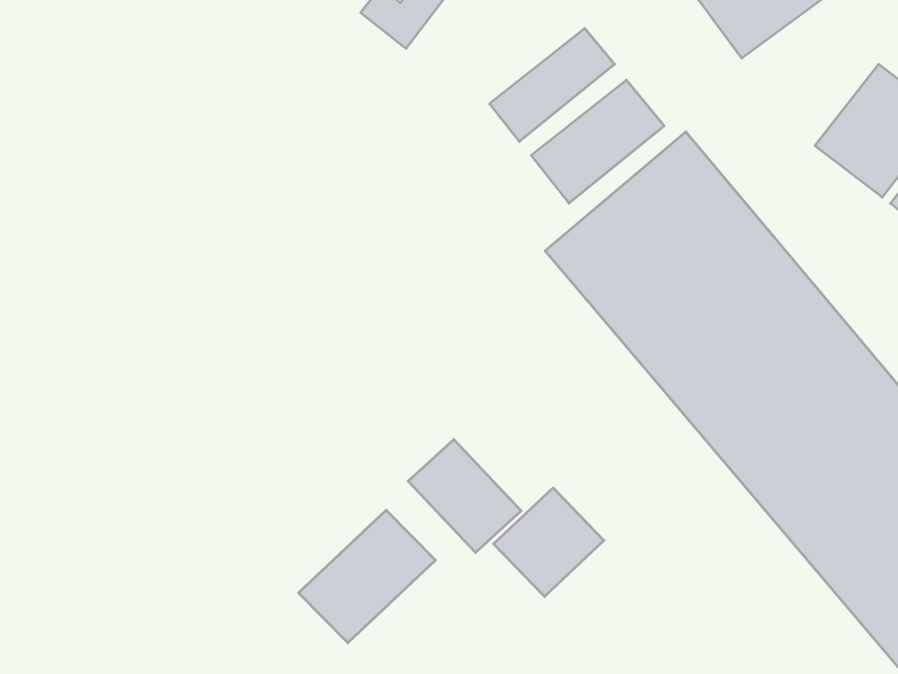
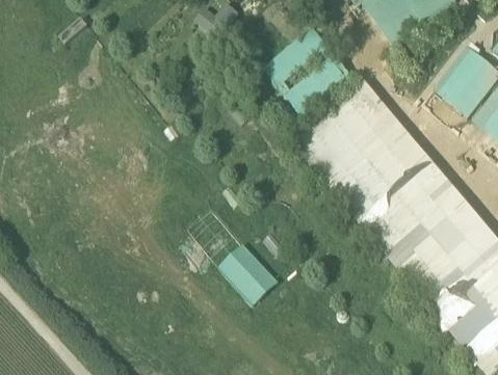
building: [494,488,604,597] -> none
building: [299,510,435,643] -> none

